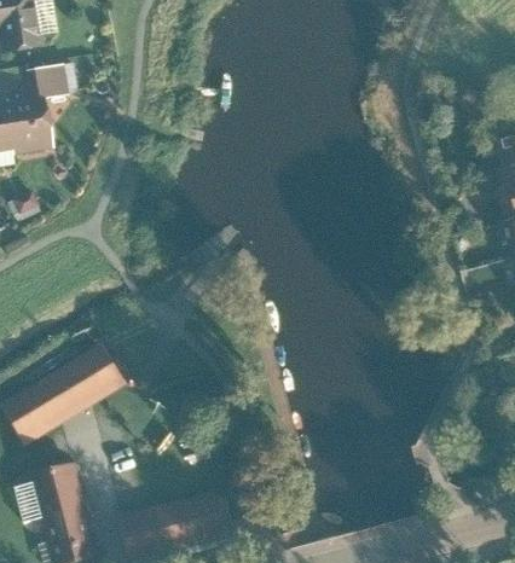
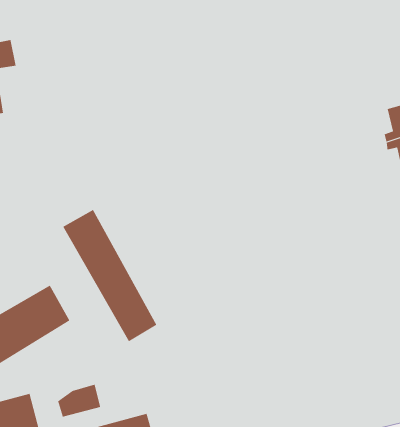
building: none -> [63,209,157,342]
building: none -> [58,384,101,417]

